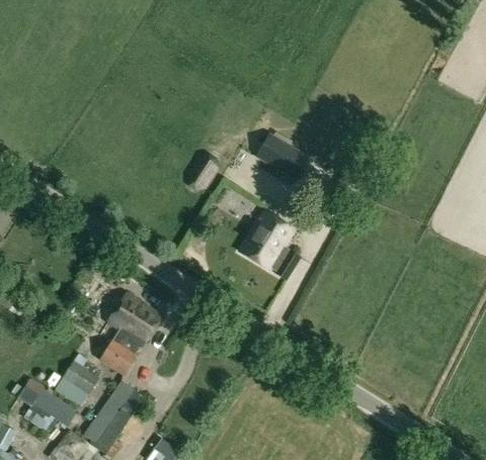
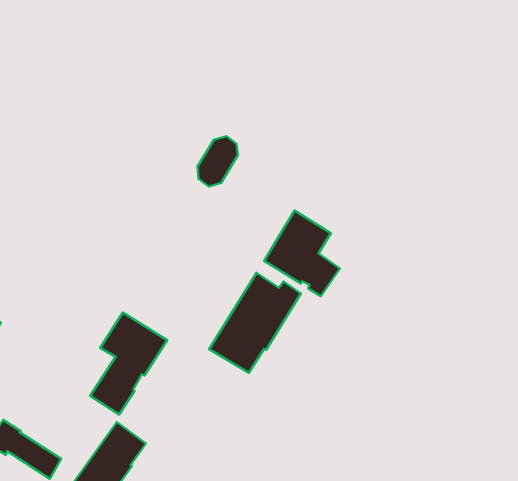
building: [255,133,309,181] -> none
building: none -> [209,273,301,373]
building: [55,352,99,404] -> none

